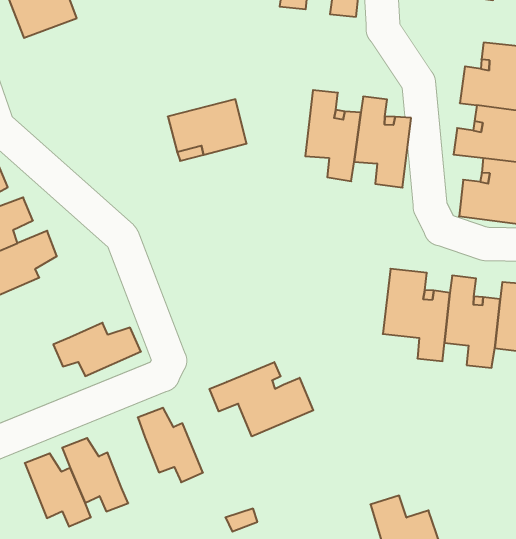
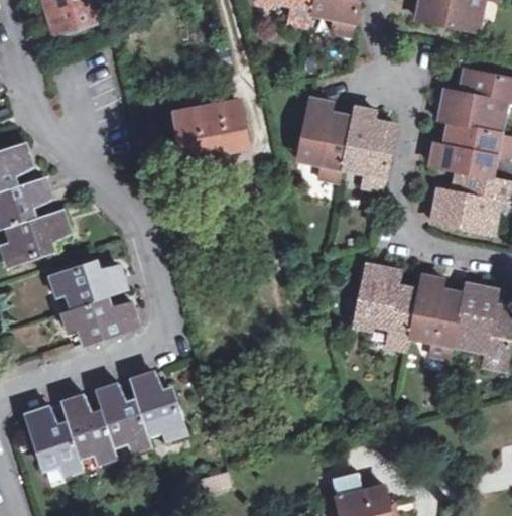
building: none -> [50,260,126,305]
building: [209,362,313,436] -> none
building: none -> [96,384,150,453]

